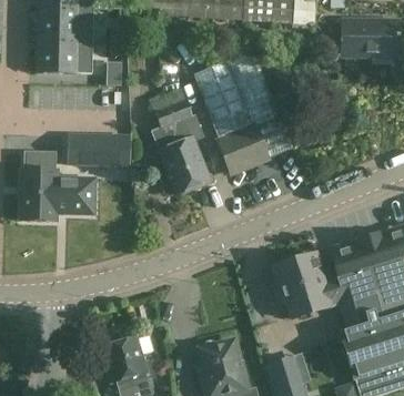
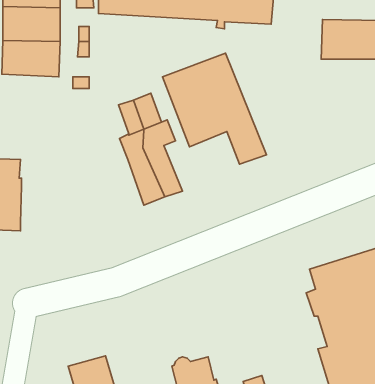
building: [215,125,265,171] -> none
building: [67,134,128,164] -> none
building: [57,177,95,213] -> none
building: [273,252,336,316] -> none

